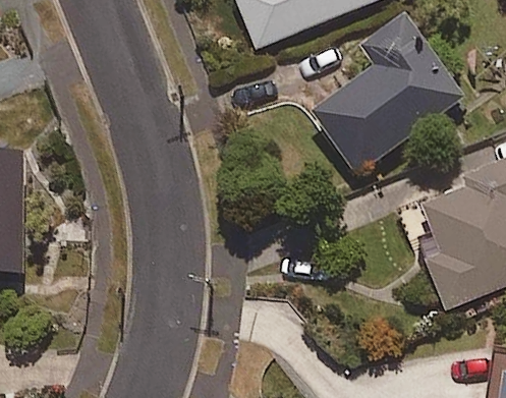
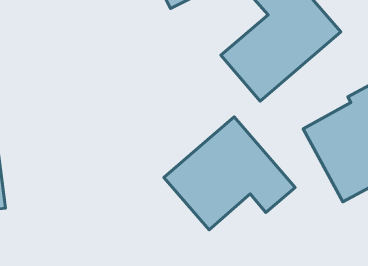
building: none -> [164,117,295,230]

